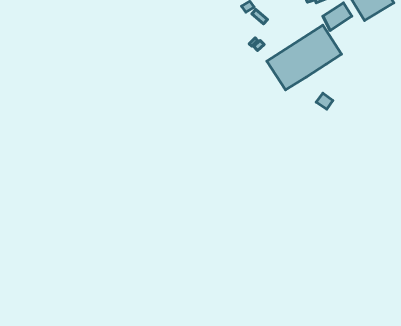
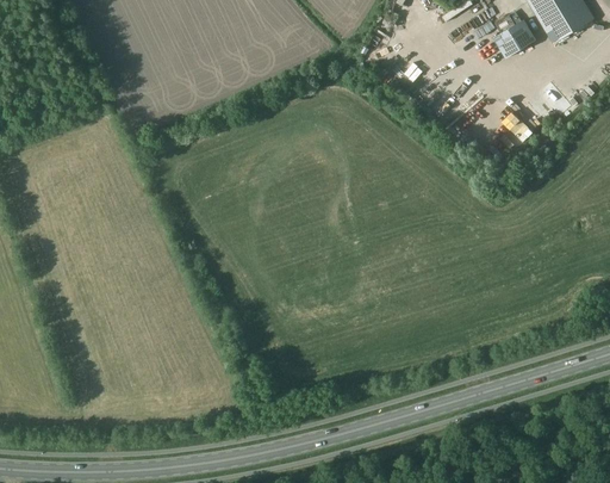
building: [267,25,342,90] -> none

